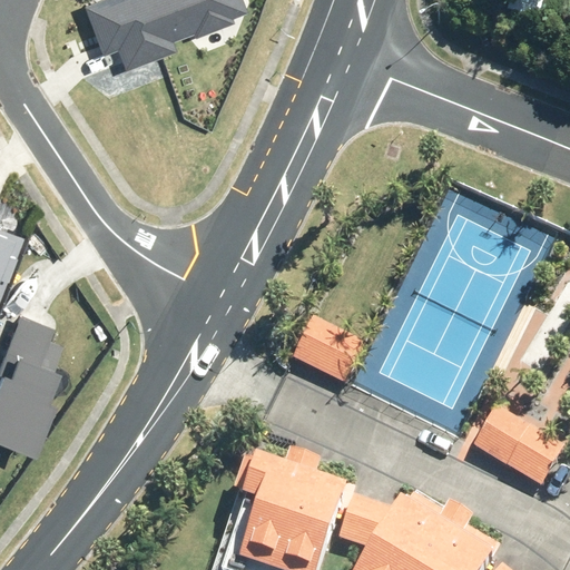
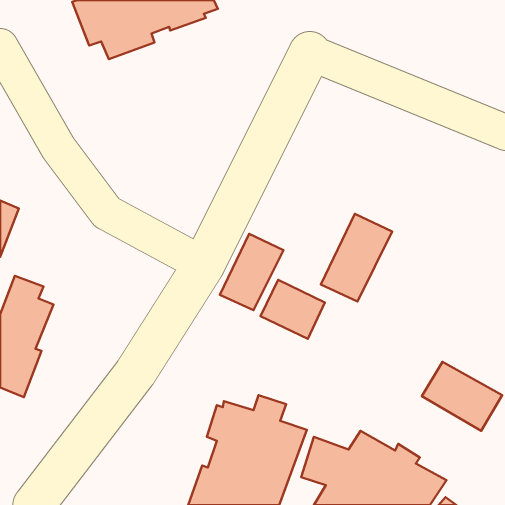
building: none -> [321,214,392,301]
building: none -> [220,234,283,310]

